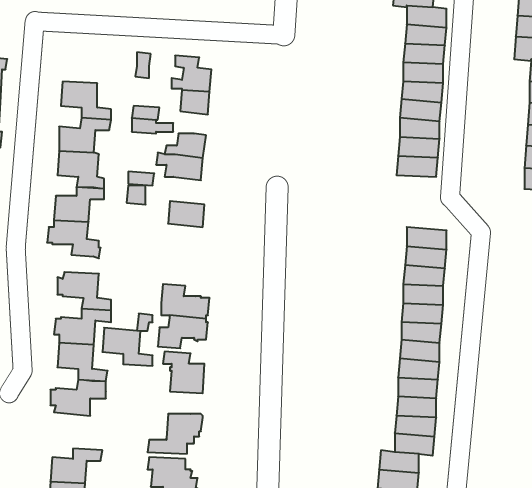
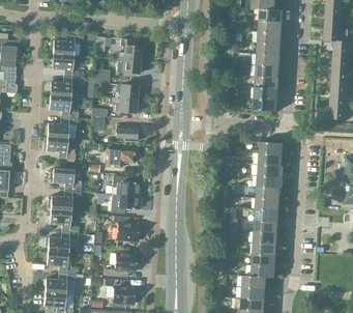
building: none -> [53,34,84,55]
building: none -> [106,147,137,168]
building: [102,328,153,366] -> [47,252,77,275]

